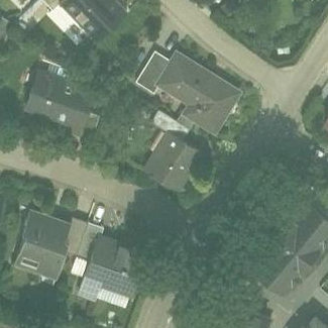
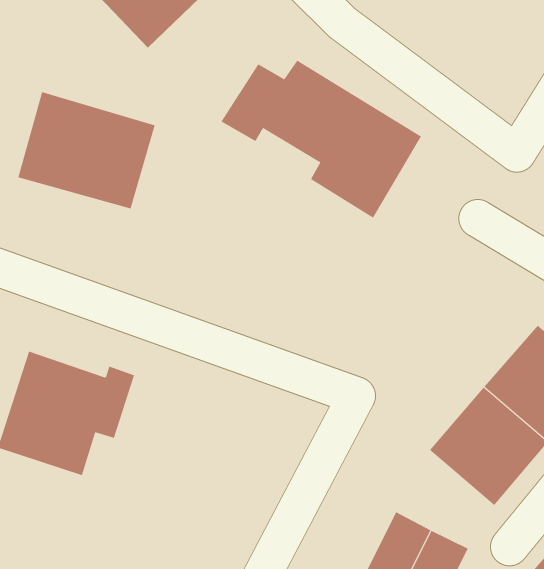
building: [142,130,204,193] -> none
building: [78,222,148,310] -> none

